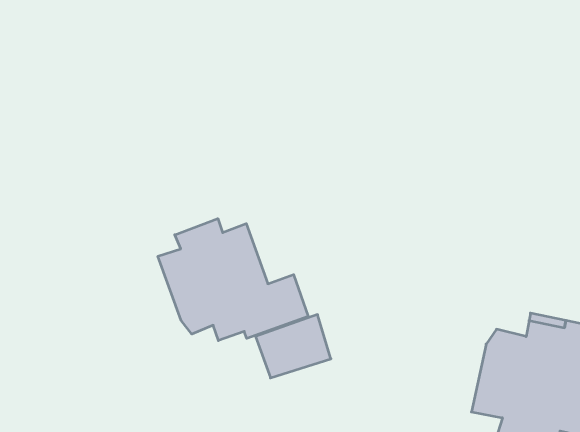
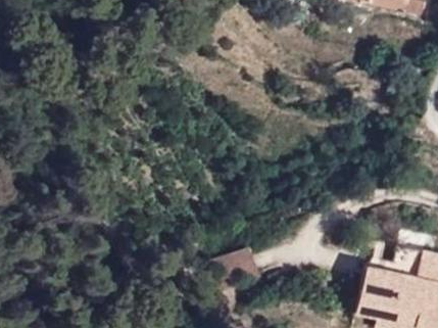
building: [158,219,308,341] -> none

